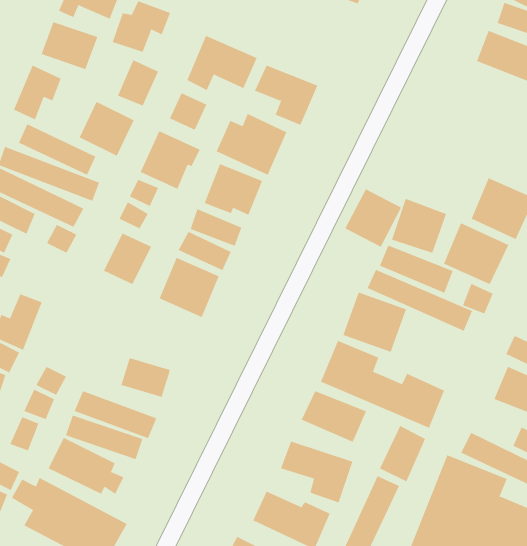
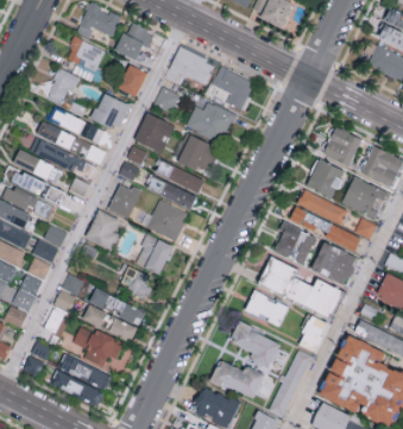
building: [345,189,402,247] -> [322,126,361,166]
building: none -> [86,210,120,250]
building: none -> [134,234,174,275]
building: none -> [311,244,358,285]

